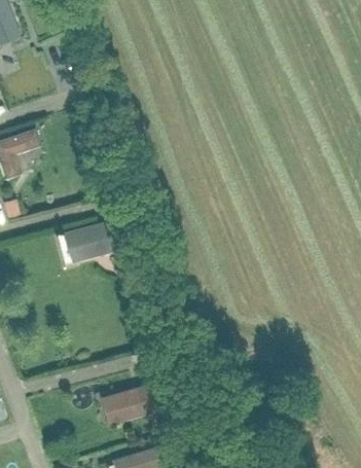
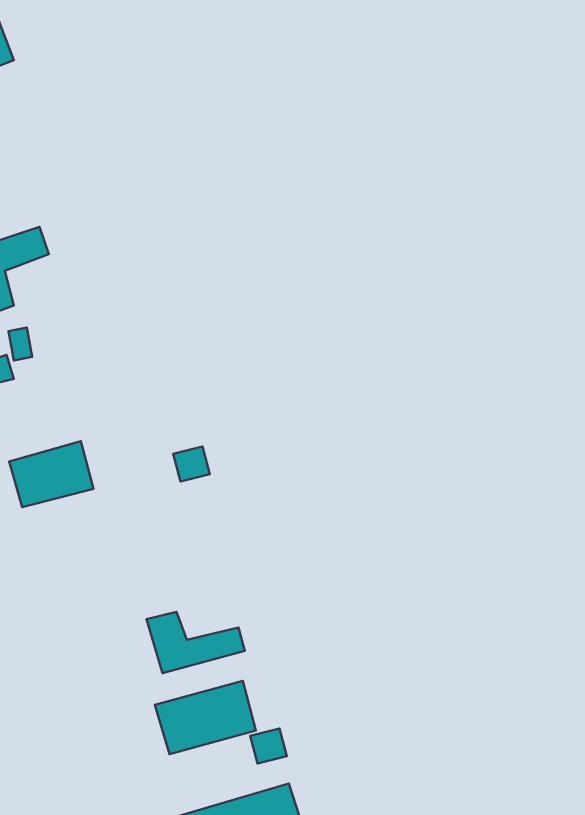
building: [63,223,110,260] -> [9,441,94,507]
building: none -> [147,612,245,673]

